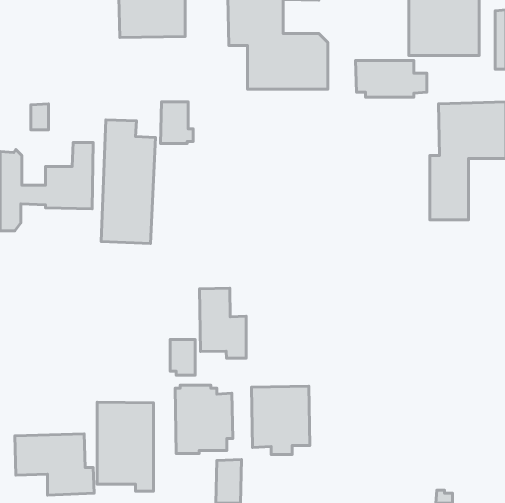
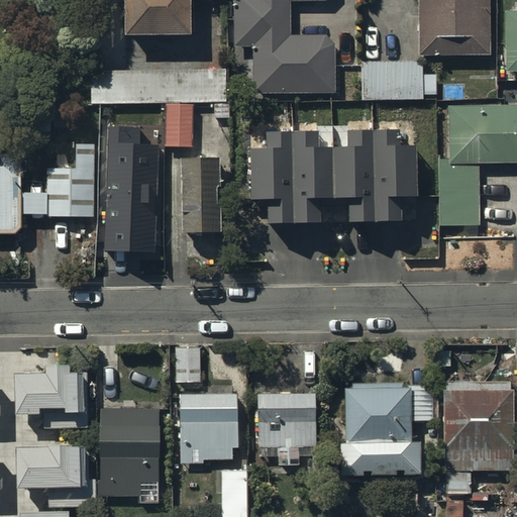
building: none -> [249,133,415,227]
building: none -> [180,150,219,234]
building: [200,288,246,358] -> none
building: none -> [16,361,90,426]
building: none -> [443,381,512,493]
building: none -> [339,382,434,476]

